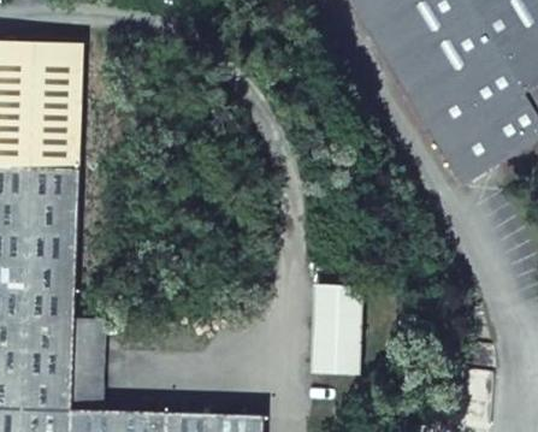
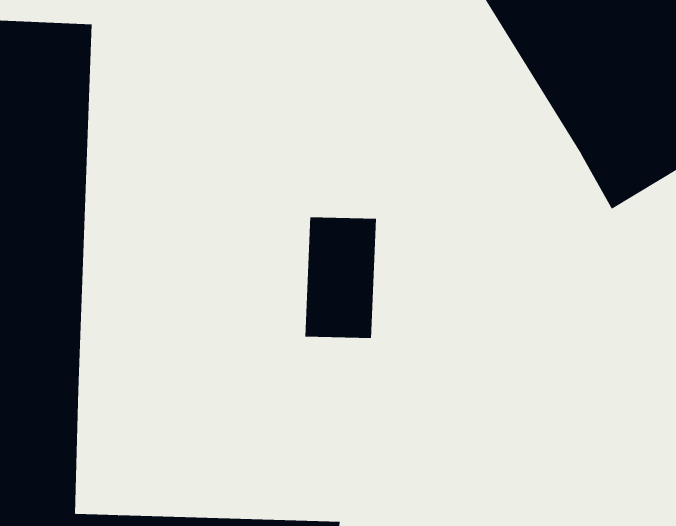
building: [311,283,363,372] -> [304,217,377,338]
building: [70,318,104,409] -> none

